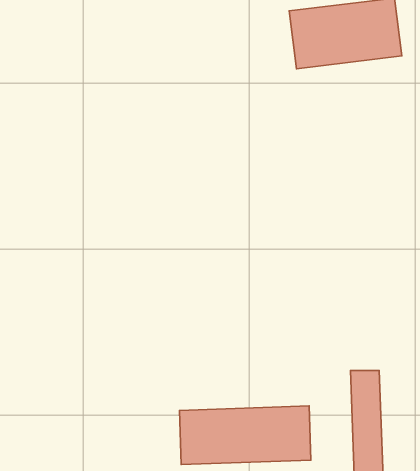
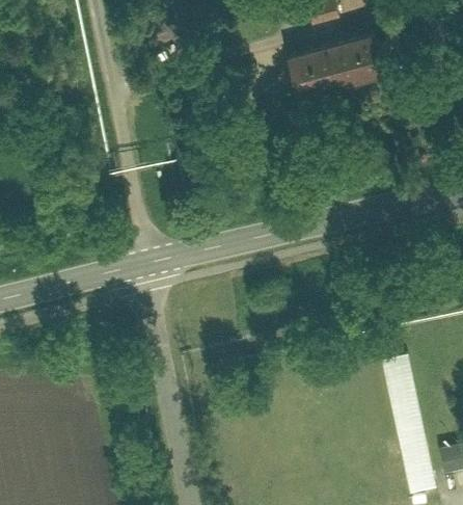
building: [180,406,311,465] -> none

